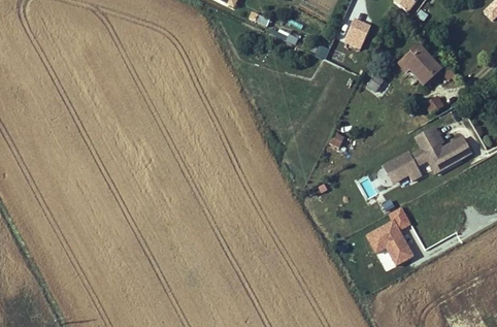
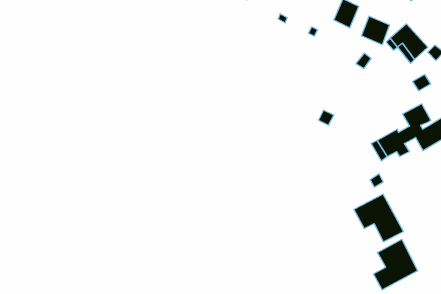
building: none -> [362,16,390,45]
building: none -> [374,239,418,290]

